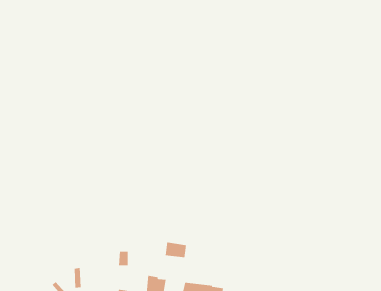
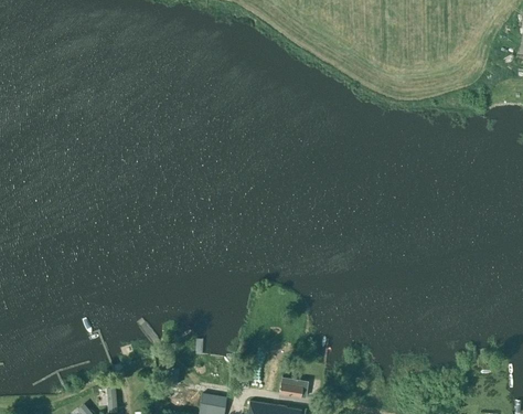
building: [165,242,187,258] -> [279,376,308,397]

